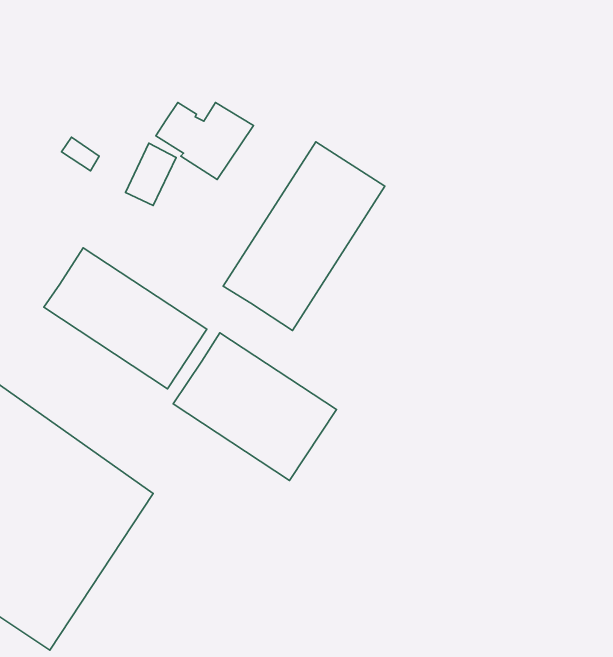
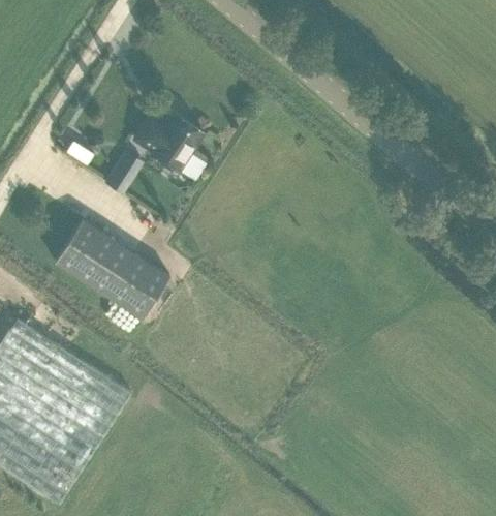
building: [223,142,385,330] -> none
building: [173,333,336,481] -> none

